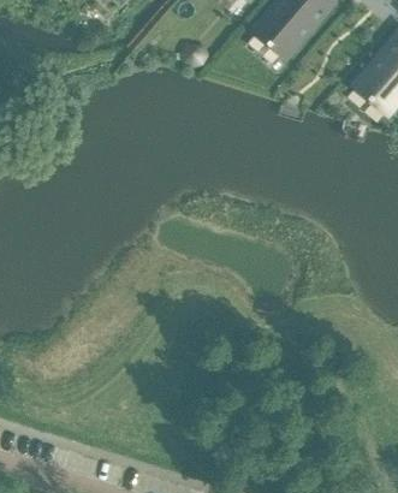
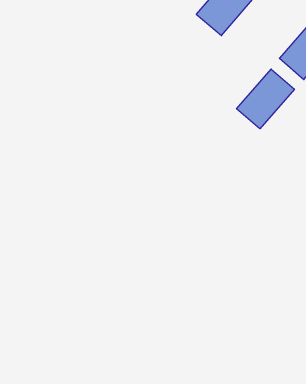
building: none -> [237,69,294,129]

